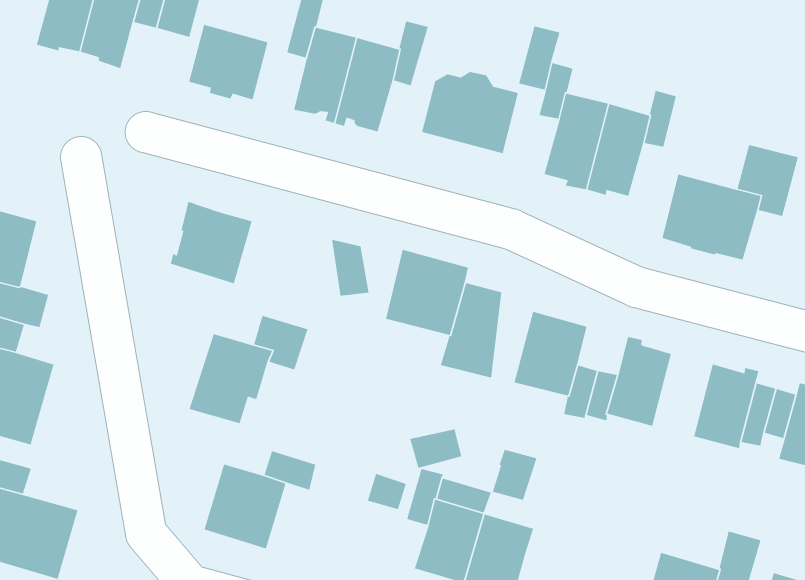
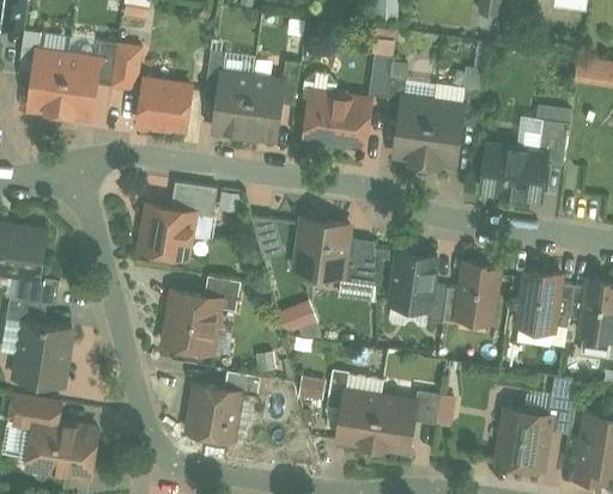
building: none -> [170,182,217,218]
building: [409,429,462,469] -> [277,303,315,334]
building: [492,449,537,501] -> [412,391,441,426]

